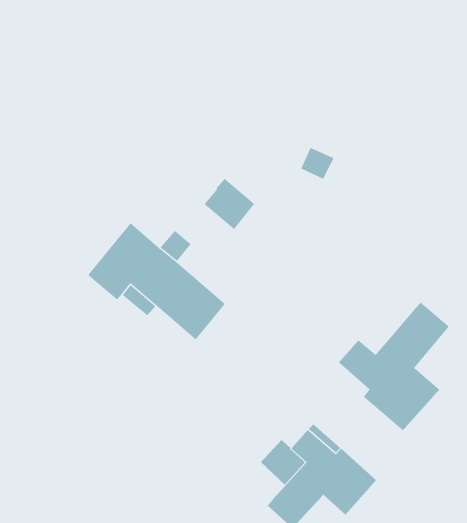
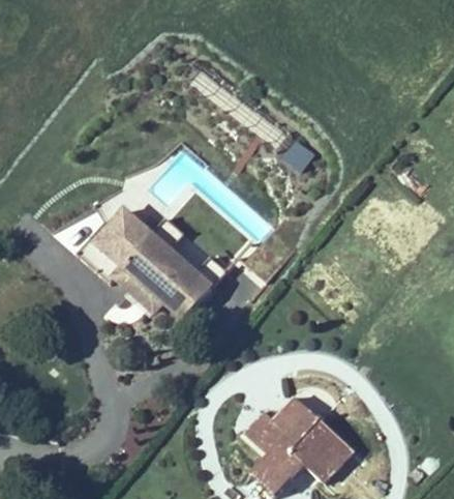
building: [204,178,255,230] -> none
building: [338,302,450,431] -> none

